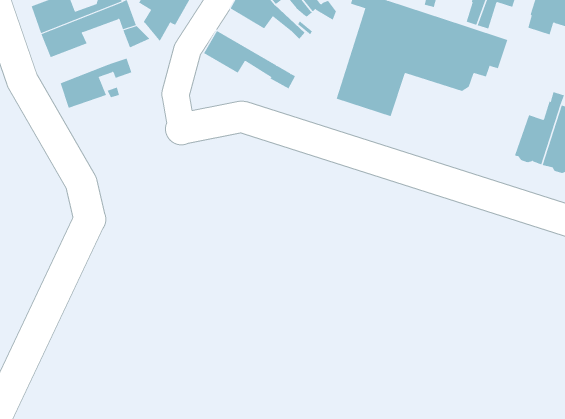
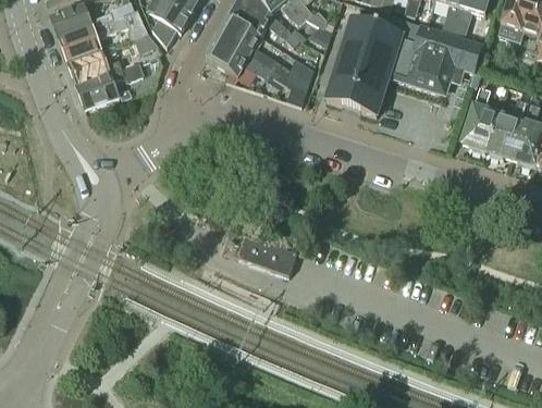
building: none -> [218,17,313,89]
building: none -> [67,49,121,85]
building: none -> [461,88,500,151]
building: none -> [235,235,296,276]

